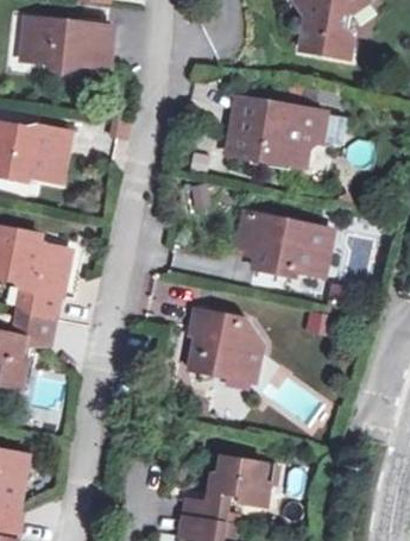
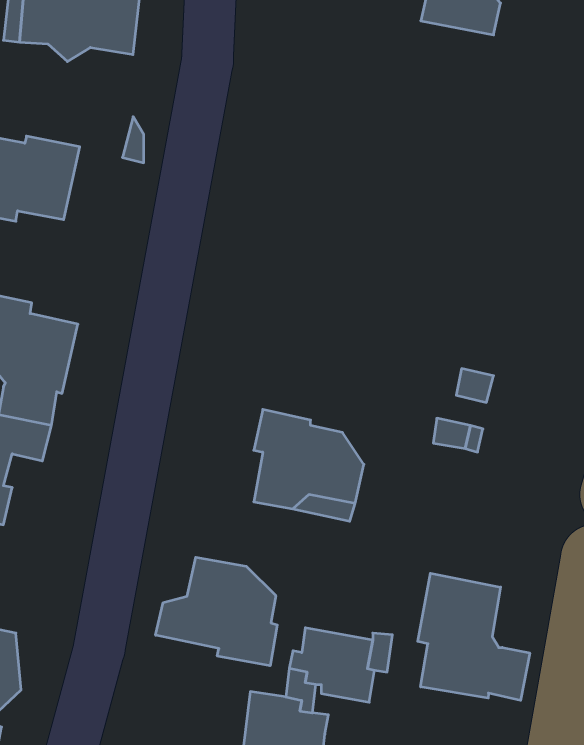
building: [228,99,323,166] -> none
building: [235,212,333,277] -> none
building: none -> [156,557,277,666]
building: none -> [418,573,530,700]

